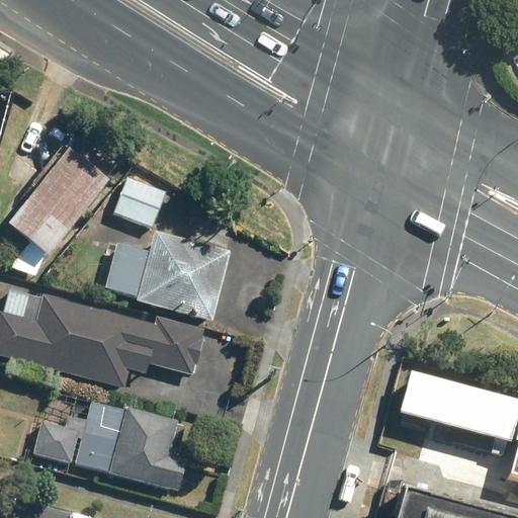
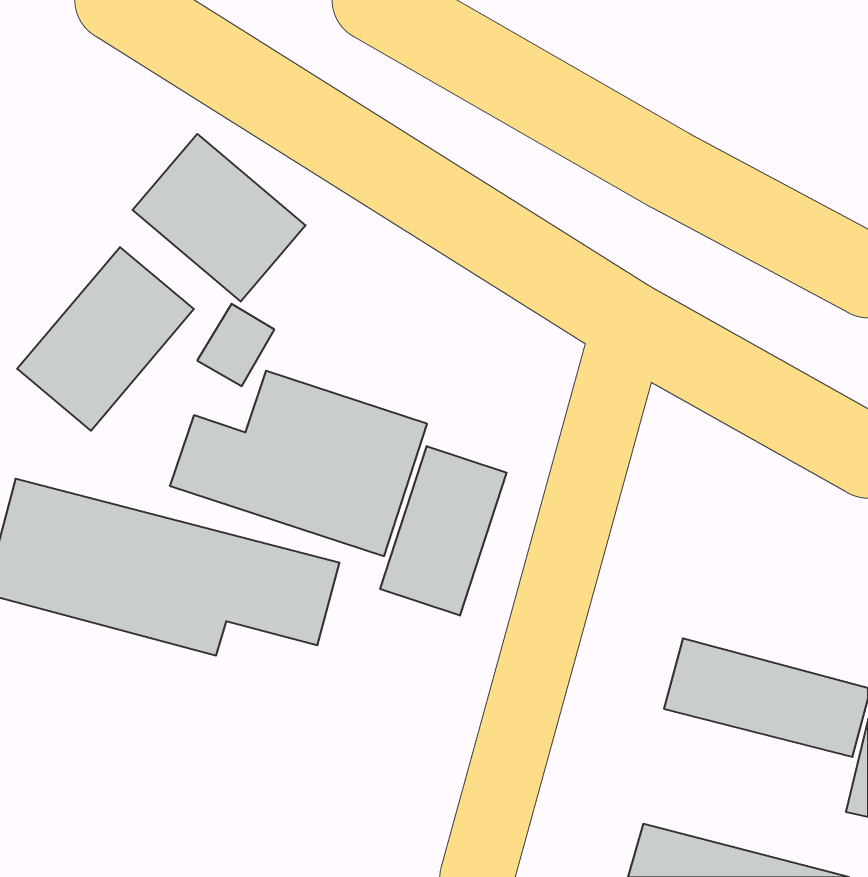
building: none -> [132,134,306,302]
building: none -> [380,446,507,616]
building: [31,397,198,495] -> none

